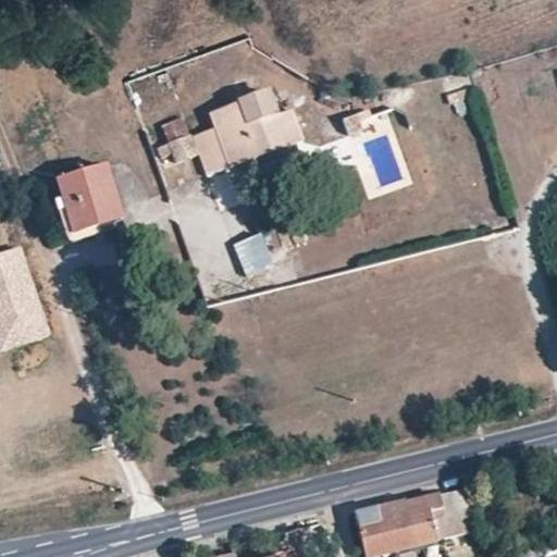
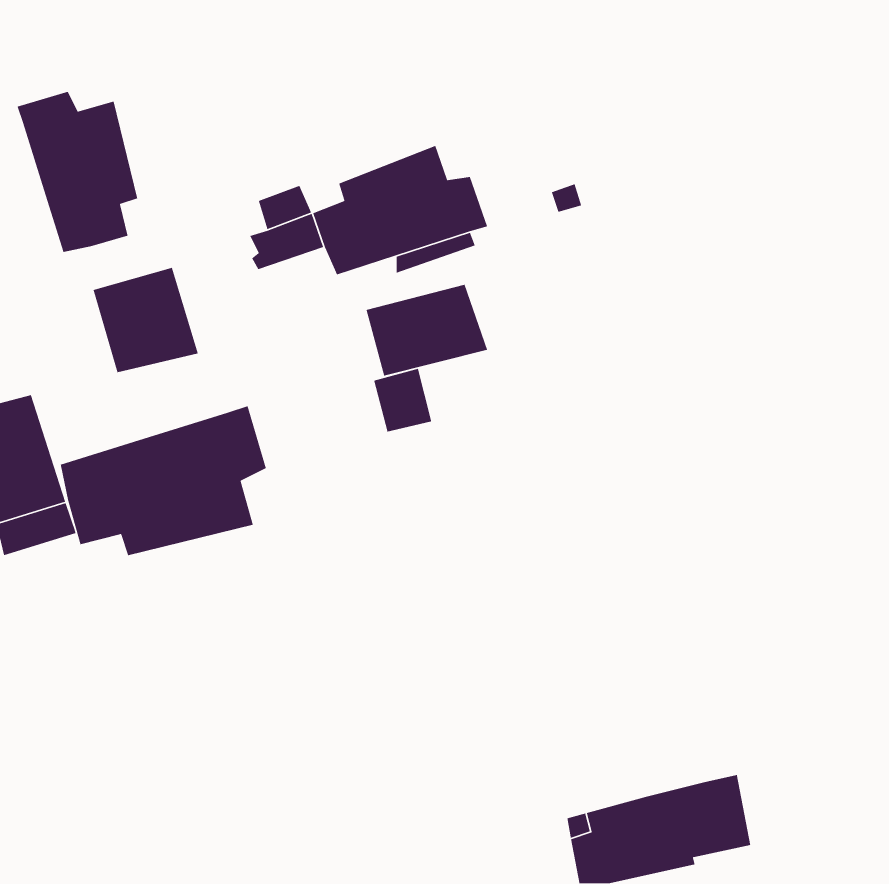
building: none -> [16,91,138,253]
building: none -> [365,284,488,377]
building: none -> [60,405,267,556]

